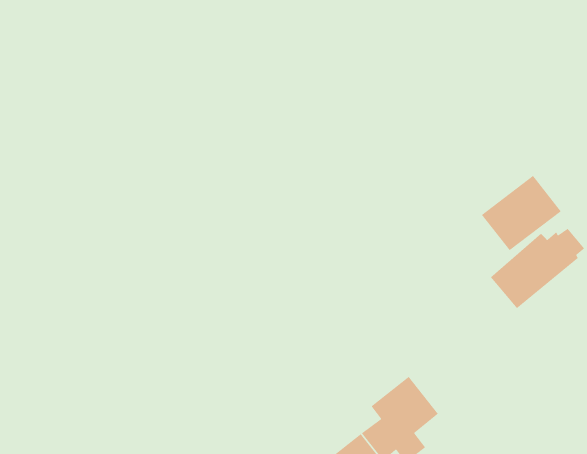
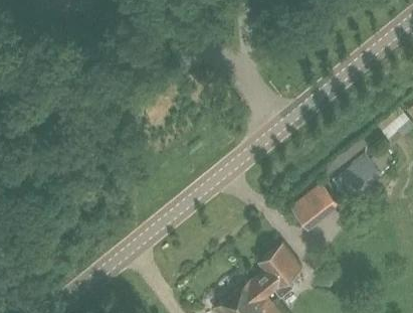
building: [481,175,562,251] -> [287,184,339,232]

